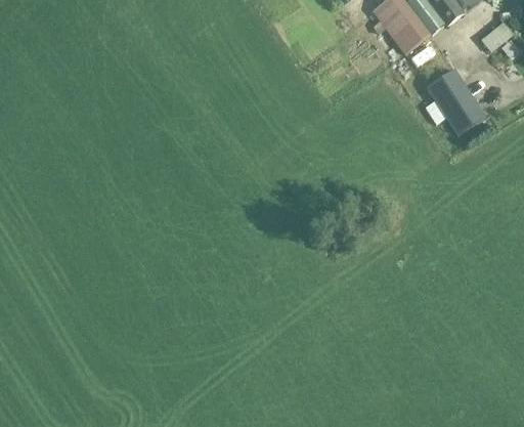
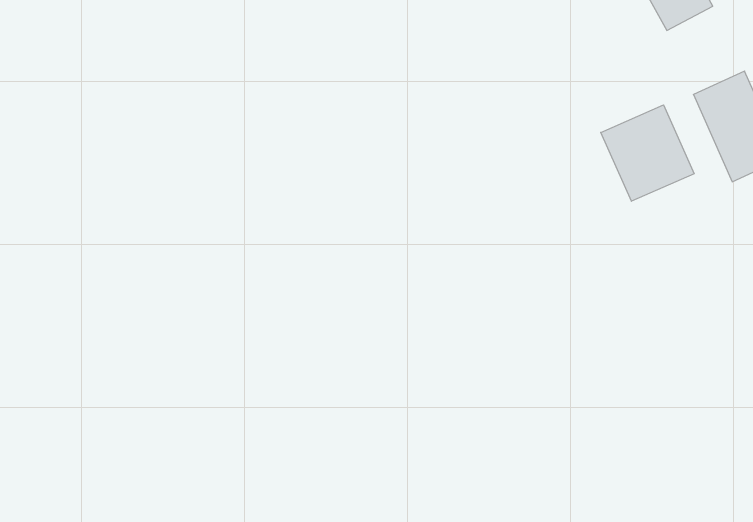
building: none -> [601,105,694,201]

